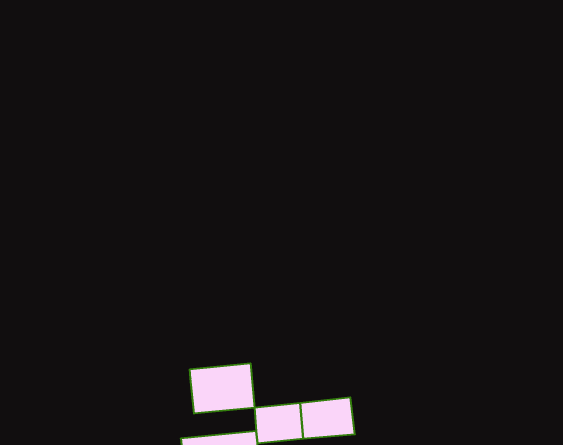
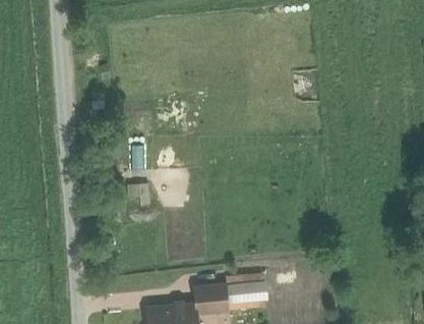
building: [190,363,255,414] -> none

